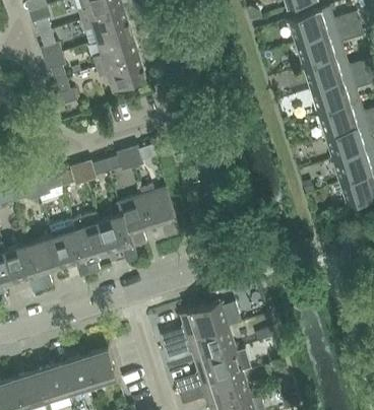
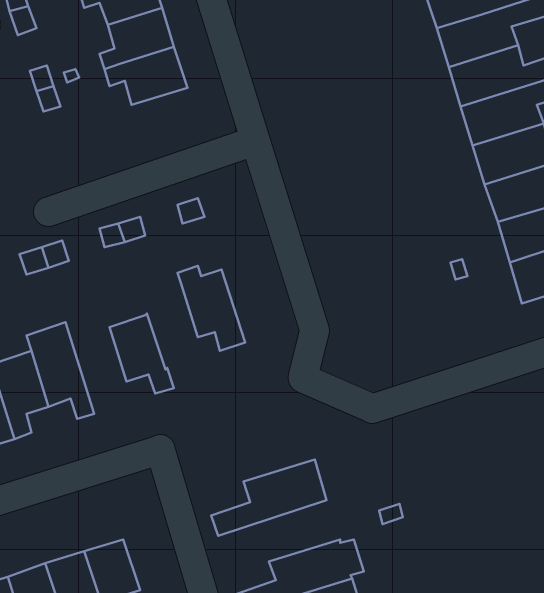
building: [117,196,151,248] -> none
building: [72,212,109,274] -> none
building: [164,326,237,362] -> none

